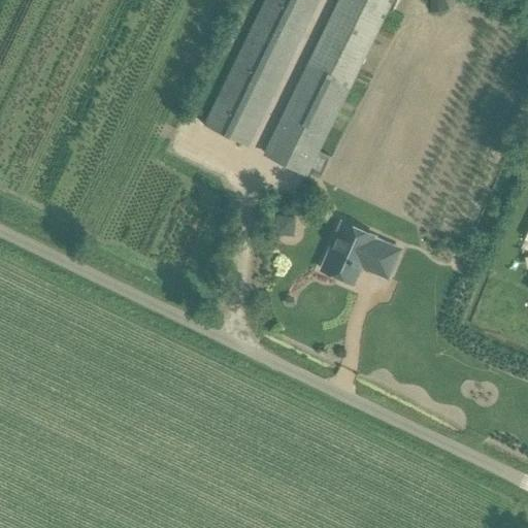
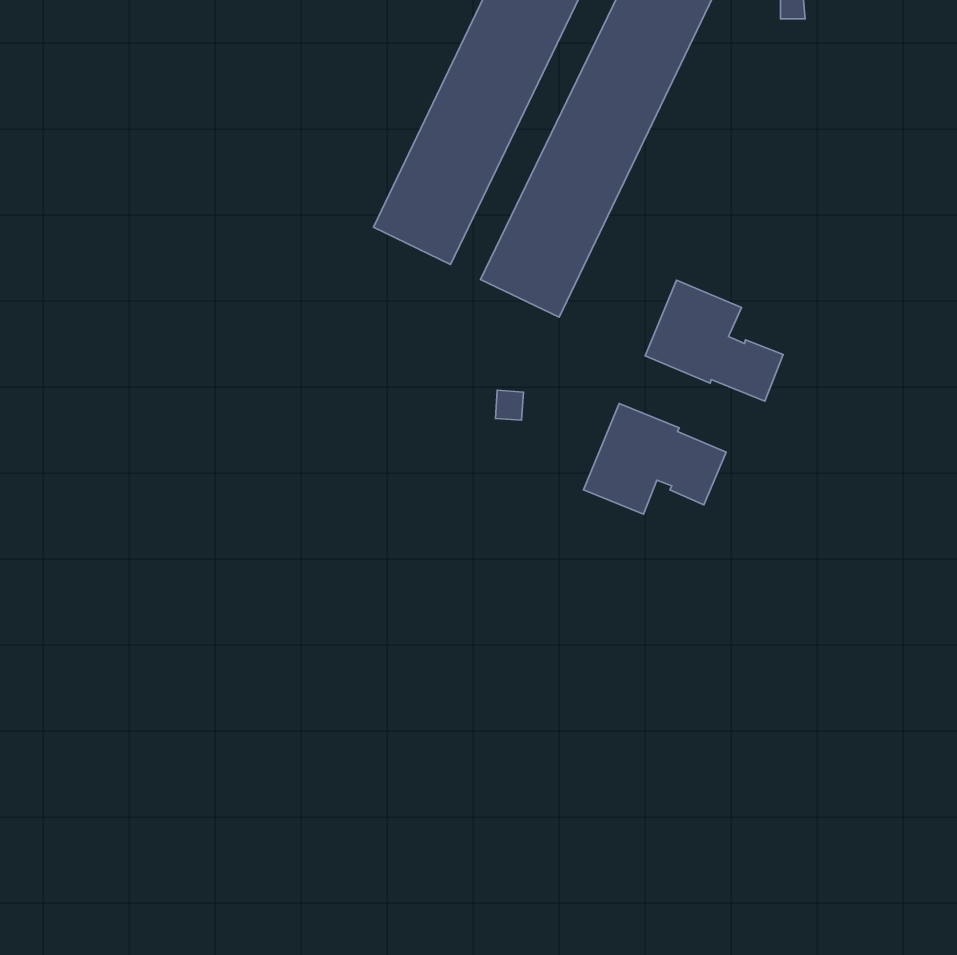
building: none -> [645,280,783,401]

